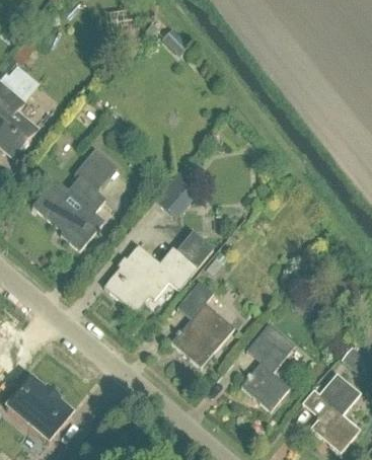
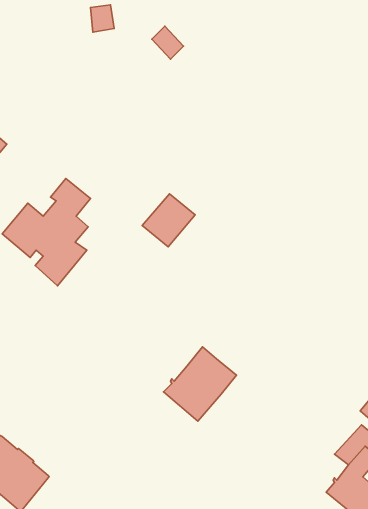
building: [104,230,213,310] -> none
building: [176,280,213,318] -> none
building: [241,323,296,409] -> none

